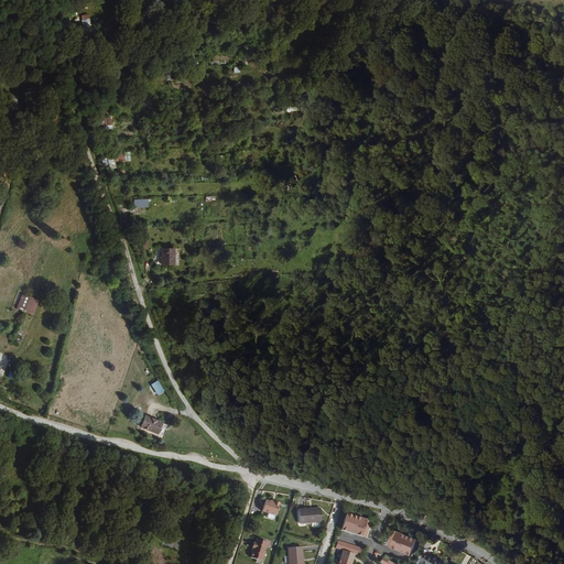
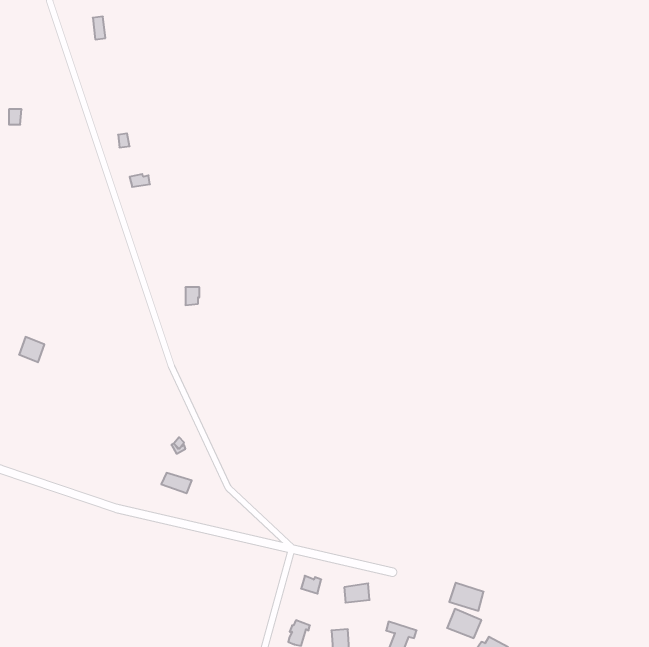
building: [340,513,370,538] -> [449,583,484,611]

